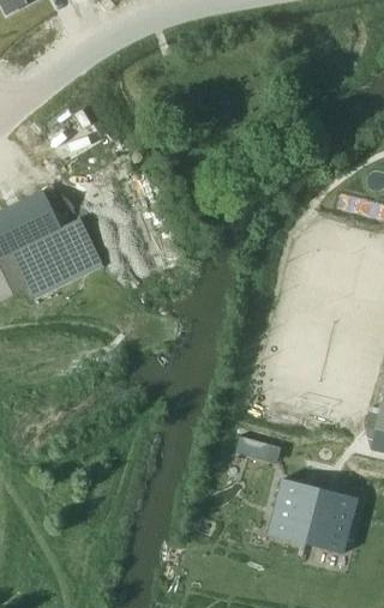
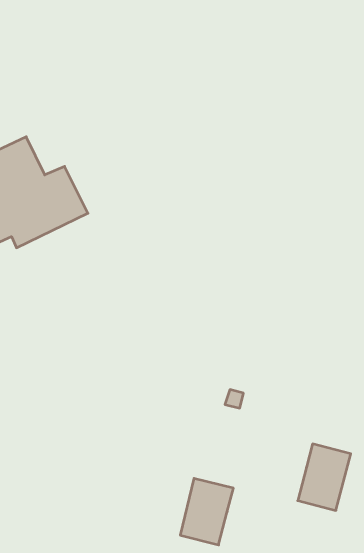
building: [269,478,320,543] -> [180,478,233,545]

